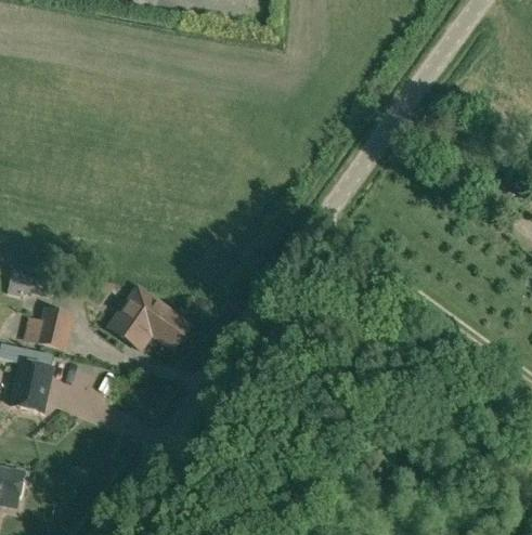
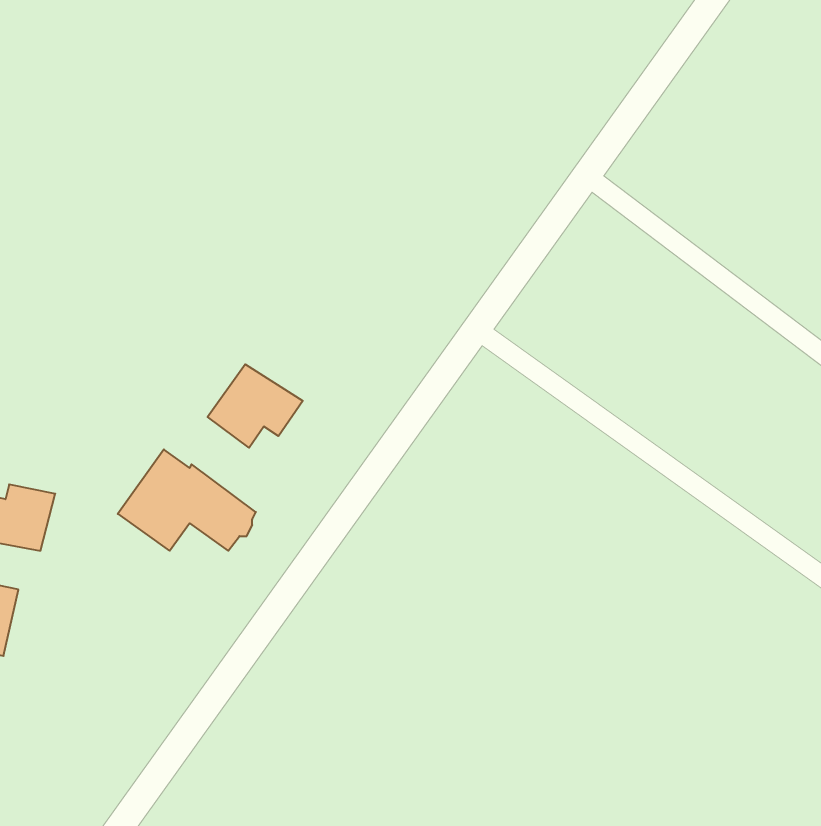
building: none -> [208,364,303,448]

